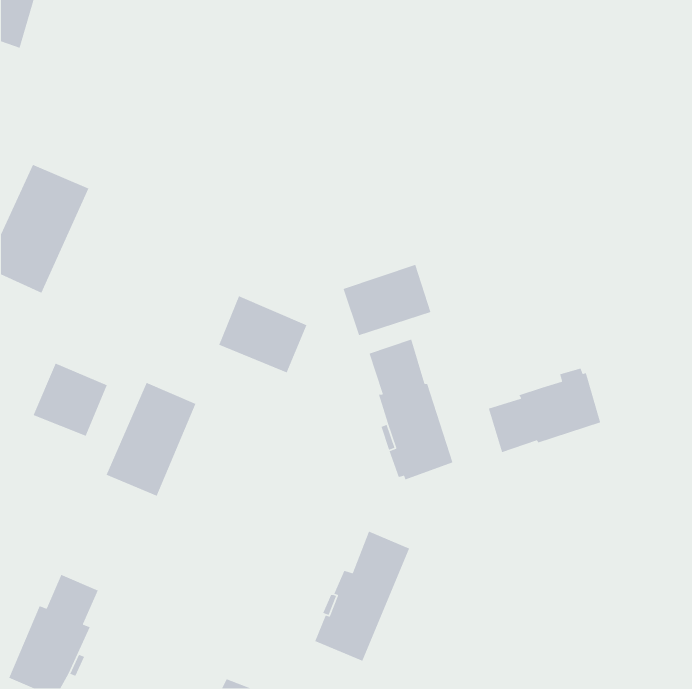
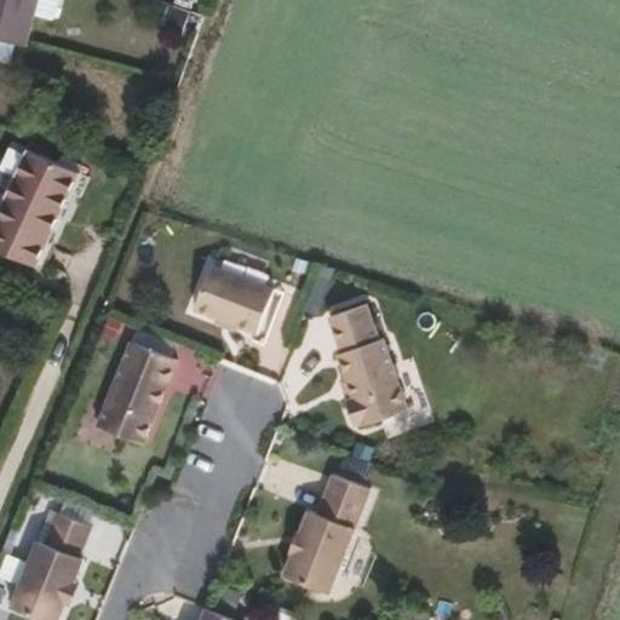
building: [343,264,431,336] -> none
building: [32,363,108,437] -> none
building: [488,368,601,453] -> none

